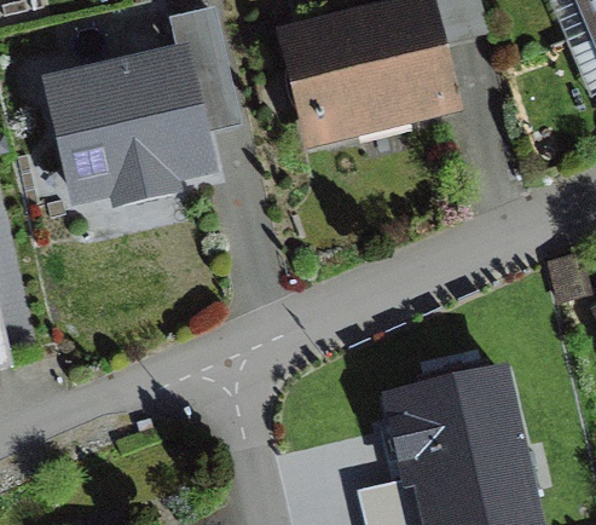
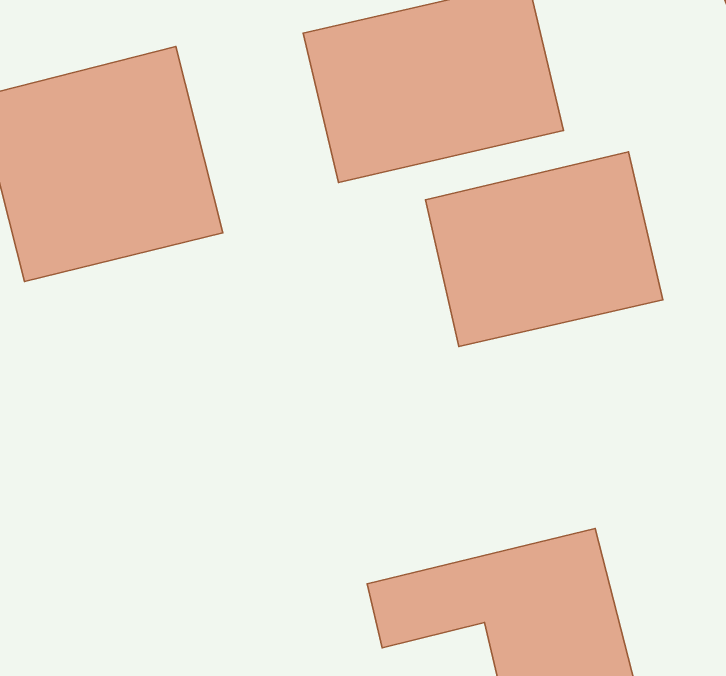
building: none -> [425,152,663,347]

